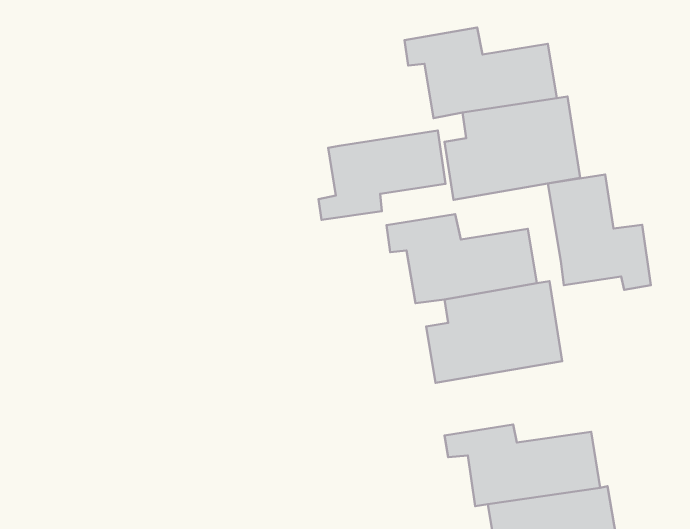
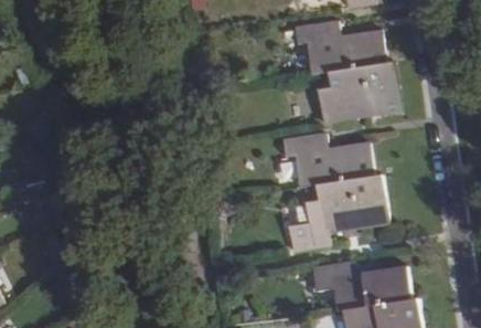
building: [319,131,445,220] -> none
building: [548,175,651,290] -> none

